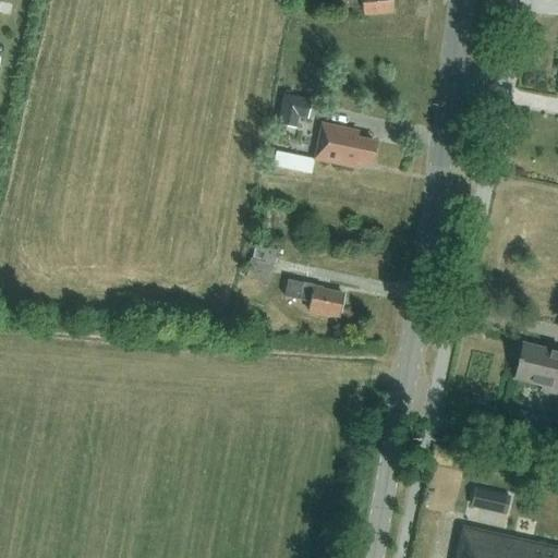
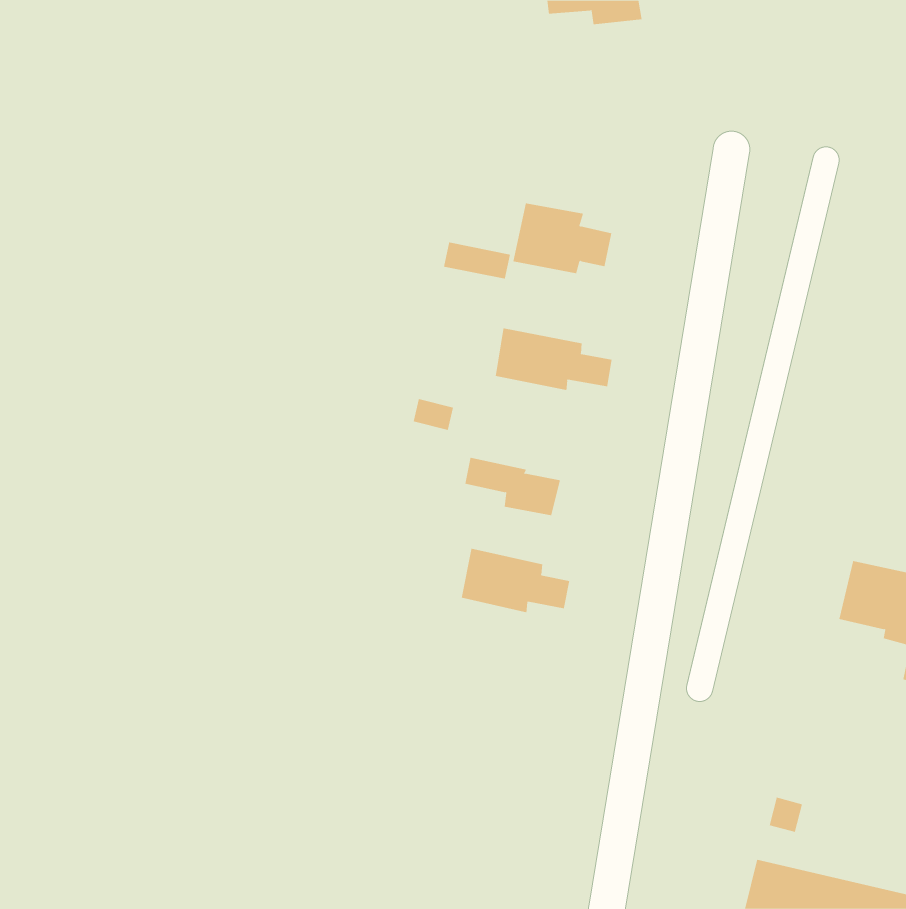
building: [279,94,314,129] -> none
building: none -> [495,328,612,391]
building: none -> [461,548,570,613]

